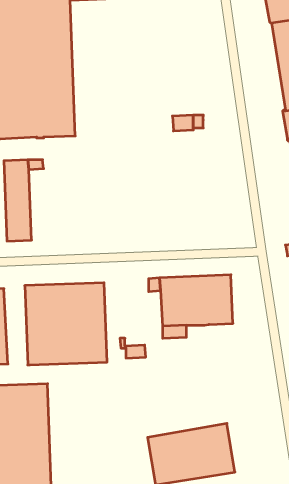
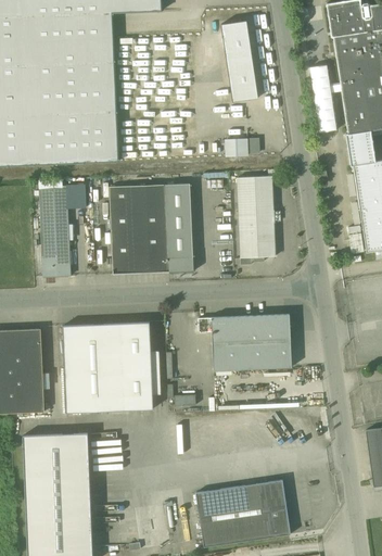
building: none -> [220,20,256,100]
building: none -> [237,176,276,257]
building: none -> [110,184,193,275]

